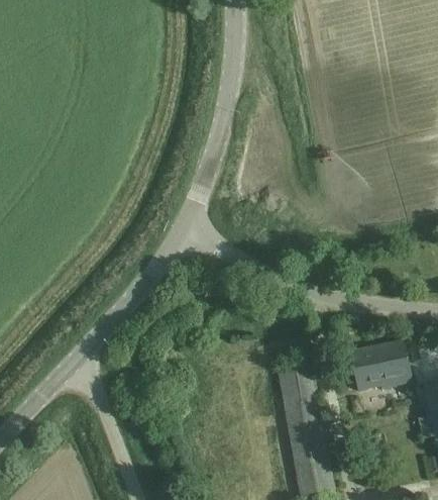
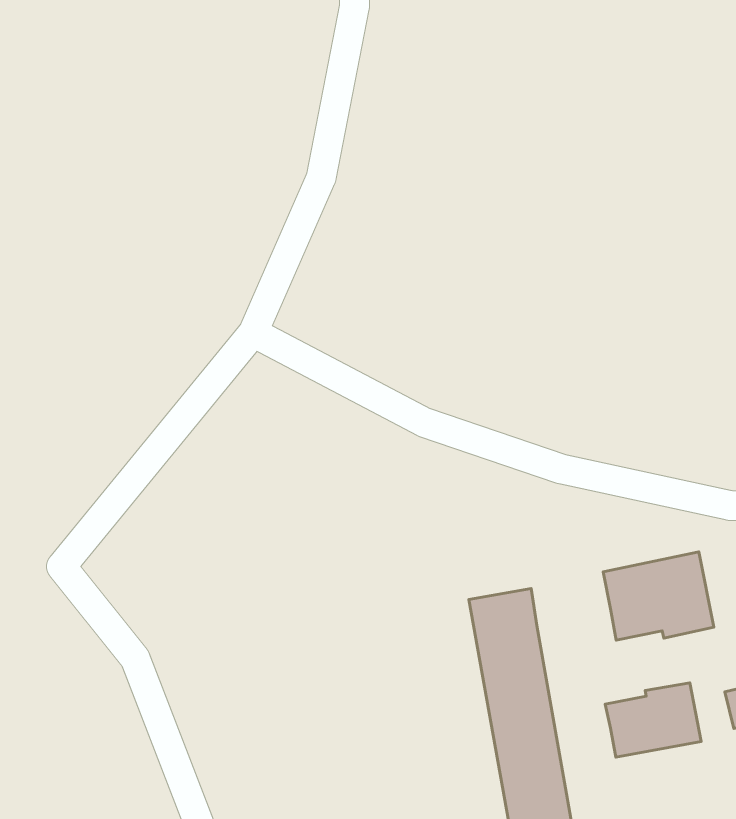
building: none -> [605,683,701,757]

